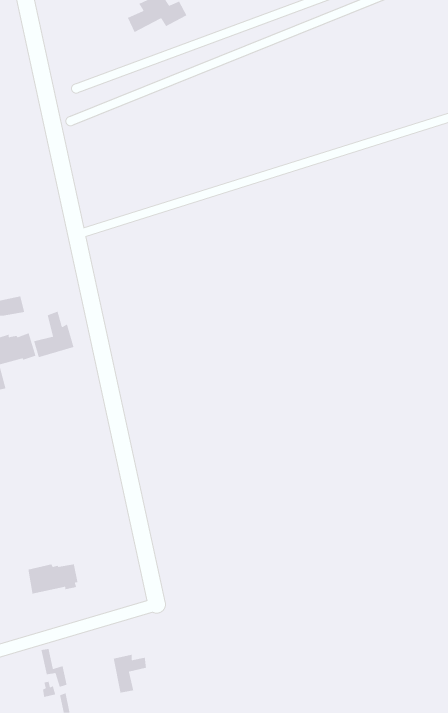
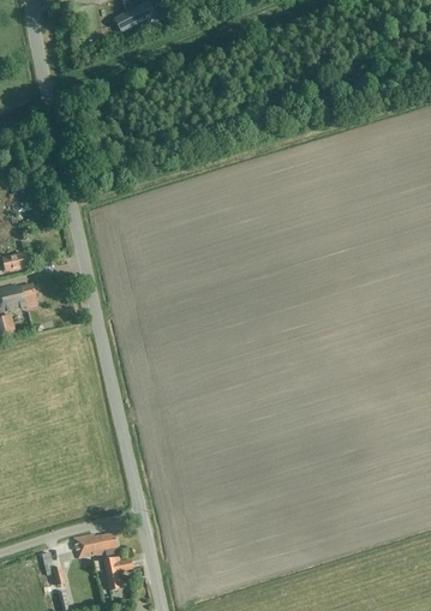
building: [33,311,74,358] -> none
building: [28,563,79,595] -> [74,533,118,559]

